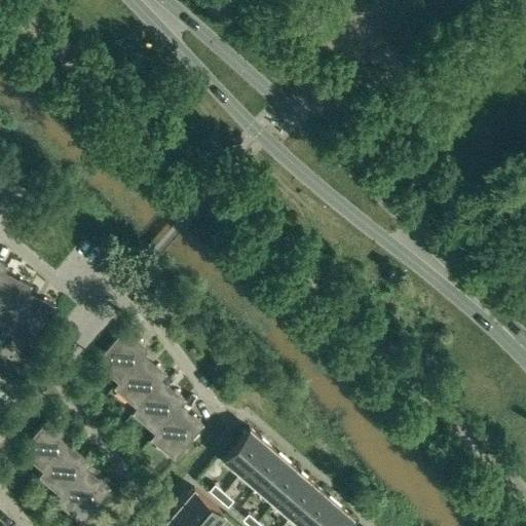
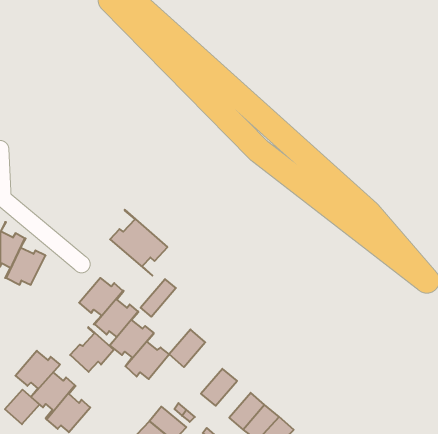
building: none -> [110,210,167,276]
building: none -> [141,279,176,317]
building: none -> [70,327,114,372]
building: [224,431,267,477] -> [169,329,205,367]
building: [259,461,301,505] -> none
building: none -> [5,390,39,424]

